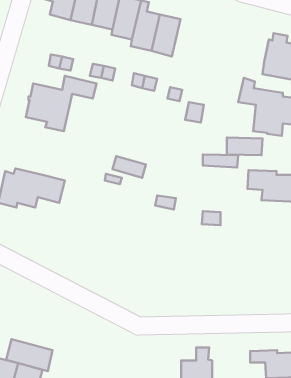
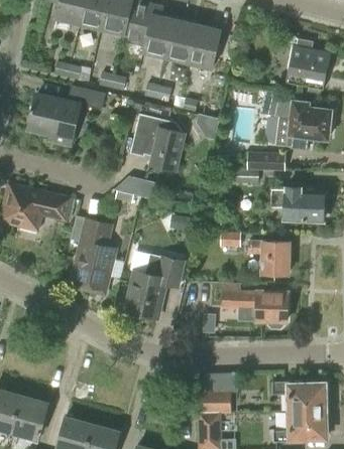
building: none -> [188,24,221,69]
building: none -> [130,115,186,173]
building: none -> [74,218,115,294]
building: none -> [248,240,289,274]
building: none -> [125,253,184,319]
building: none -> [222,283,288,327]
building: [6,339,52,371] -> none

